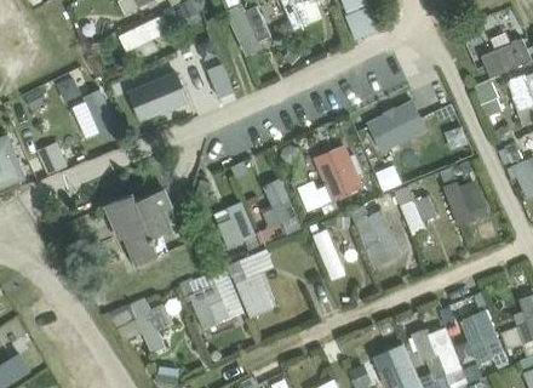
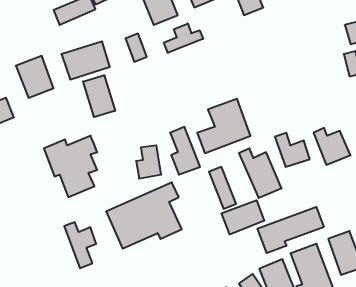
building: none -> [164,23,203,53]
building: [366,98,428,153] -> none
building: none -> [83,75,115,117]
building: none -> [221,200,264,234]
building: none -> [257,207,324,253]

